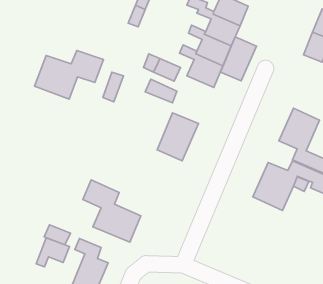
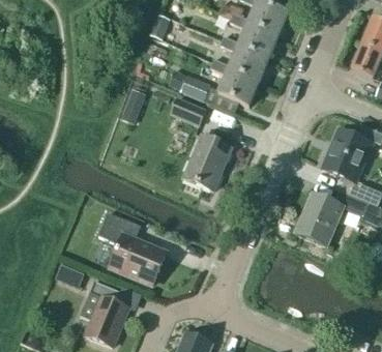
building: [220,37,256,81] -> none
building: [35,50,104,99] -> none
building: [36,238,69,267] -> none

